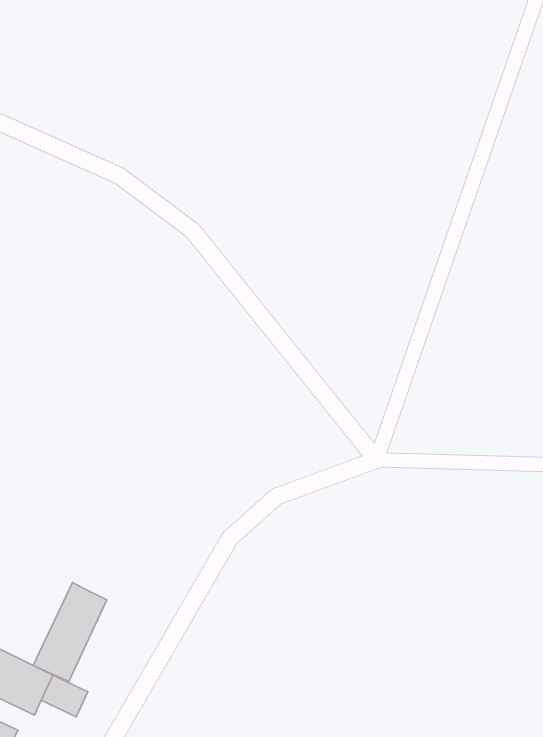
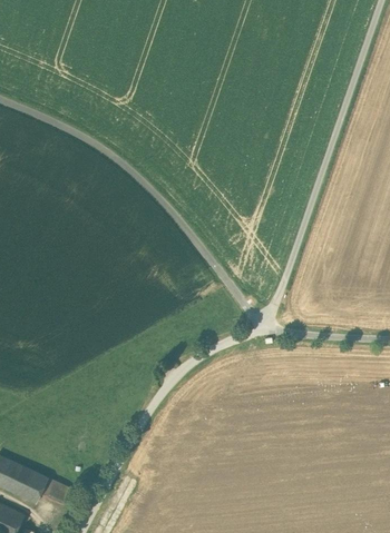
building: [33,582,107,681] -> none

